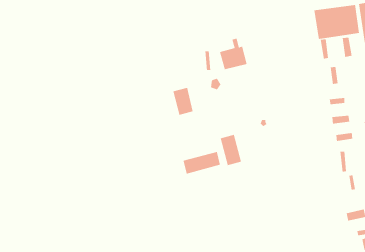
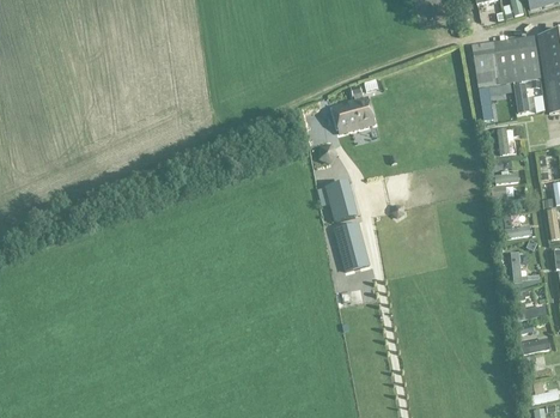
building: [172,87,193,116] -> [327,180,358,222]
building: [183,151,221,174] -> none

